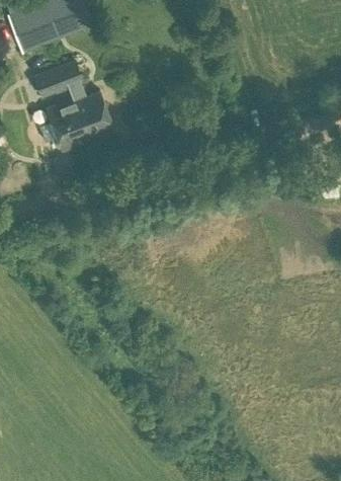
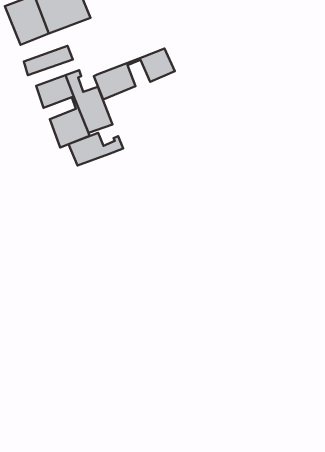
building: none -> [94,48,175,100]
building: none -> [68,133,123,166]

